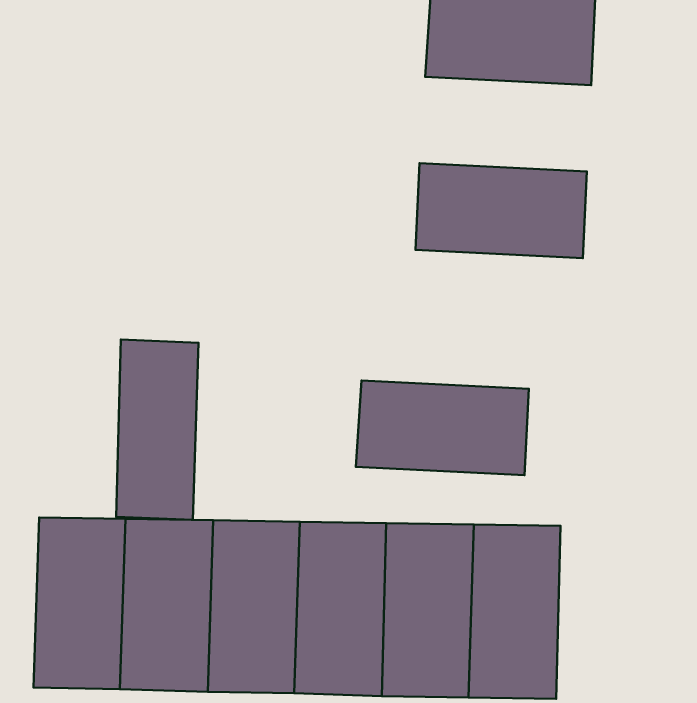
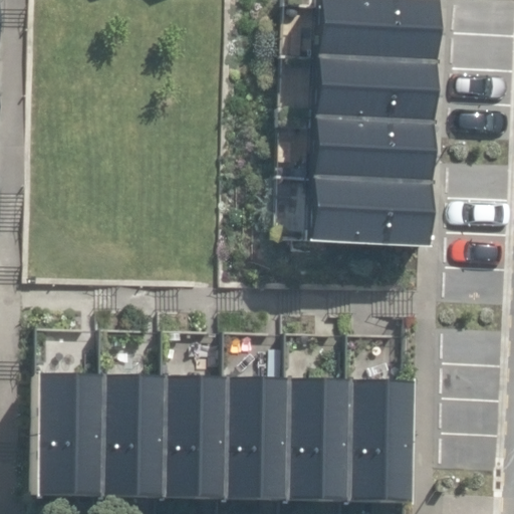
building: none -> [313,55,437,123]
building: [116,340,199,520] -> none
building: [356,380,529,475] -> [306,180,431,248]

